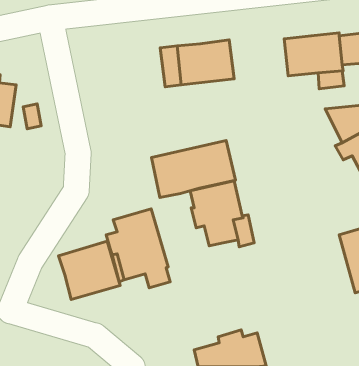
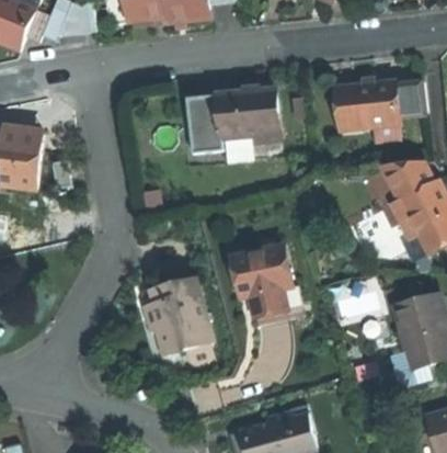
building: [152,141,235,198] -> none
building: [59,241,120,299] -> none

